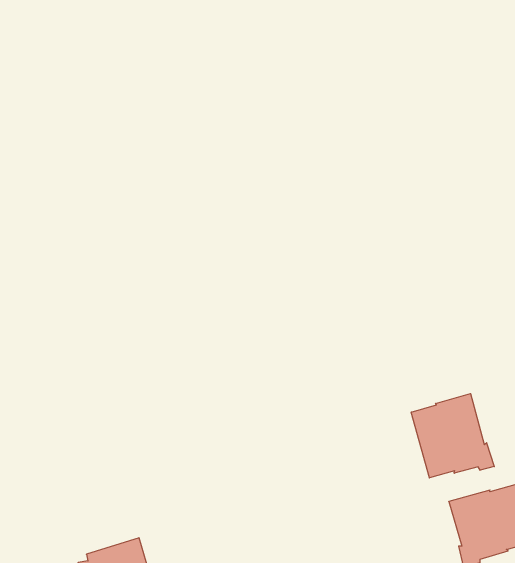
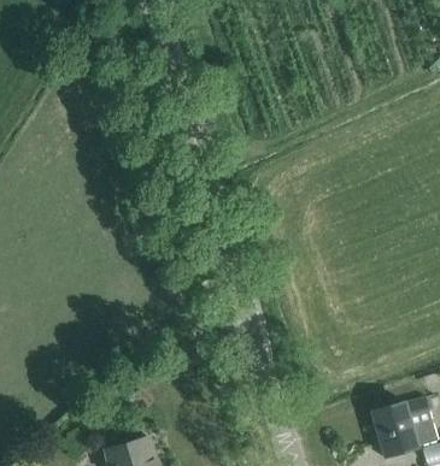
building: [411,394,494,478] -> none

